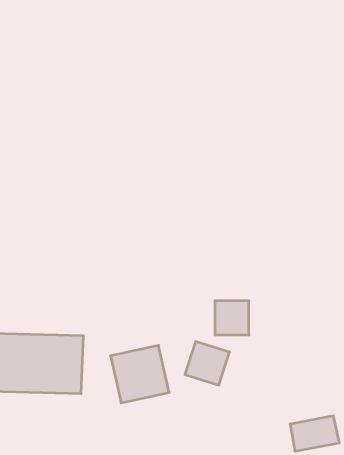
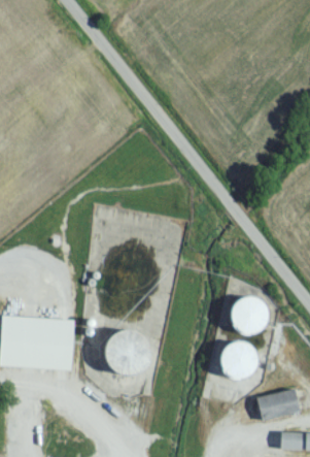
building: [215,301,249,335] -> [232,300,262,330]
building: [185,342,230,385] -> [220,339,260,378]

